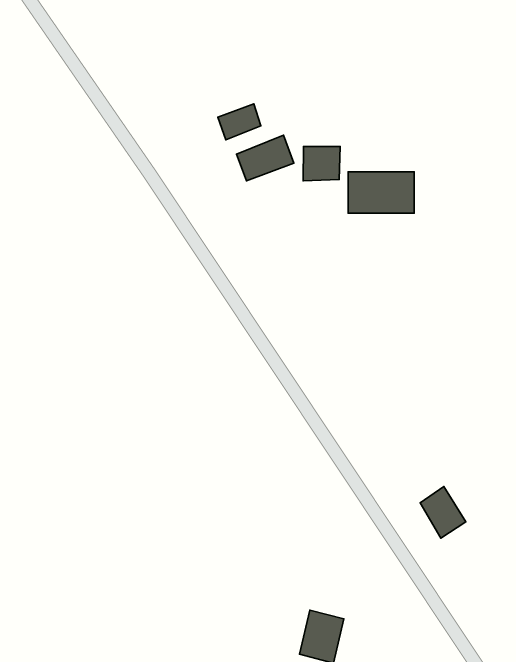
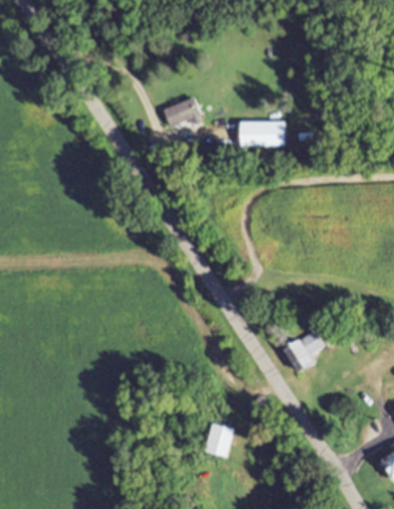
building: [218,104,261,140] -> none
building: [303,146,340,181] -> none

